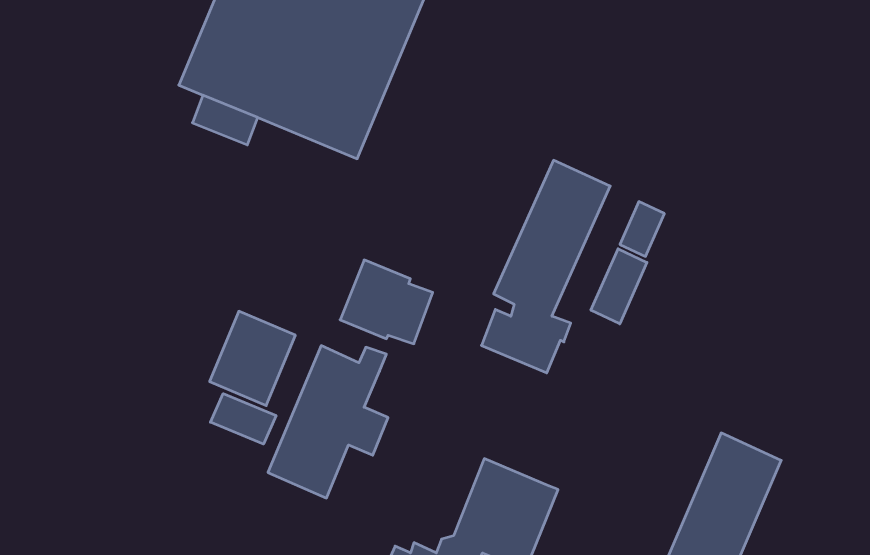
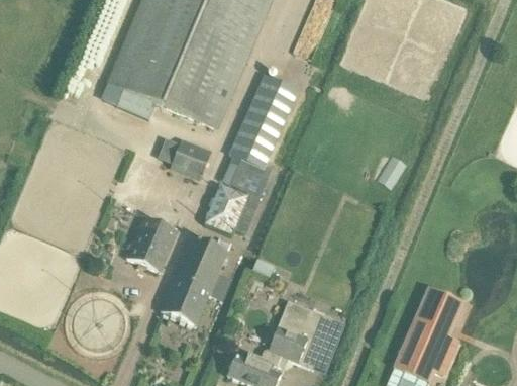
building: [481,160,610,373] -> [221,74,297,199]
building: none -> [171,139,208,177]
building: [591,249,647,324] -> none
building: [210,394,276,444] -> none

